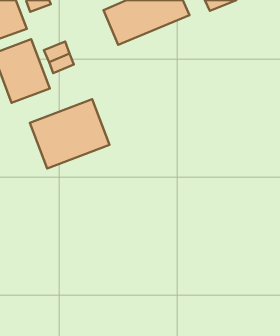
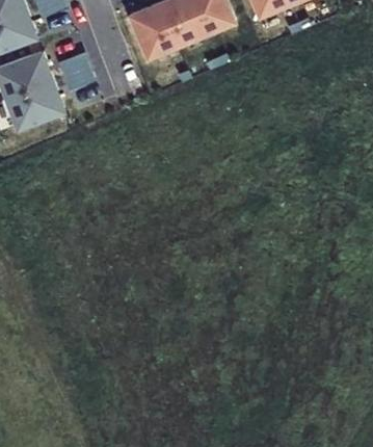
building: [30,99,110,168] -> none

